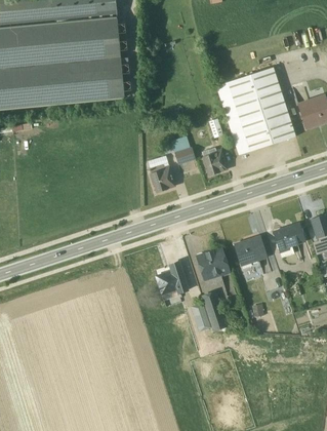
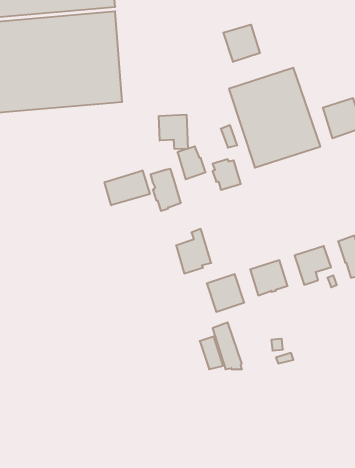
building: none -> [223,25,260,62]
building: none -> [159,115,188,149]
building: none -> [105,170,150,205]
building: [156,262,187,301] -> [176,229,211,273]

